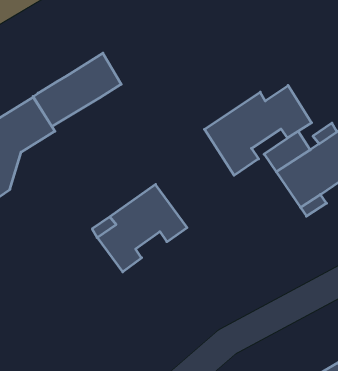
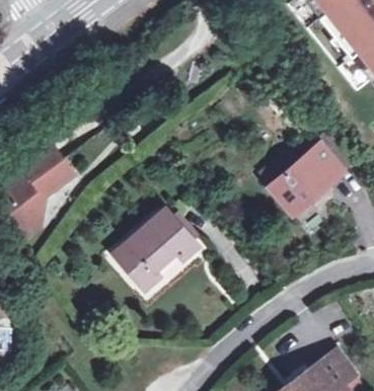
building: [33,53,121,127] -> none
building: [204,85,312,175] -> none

